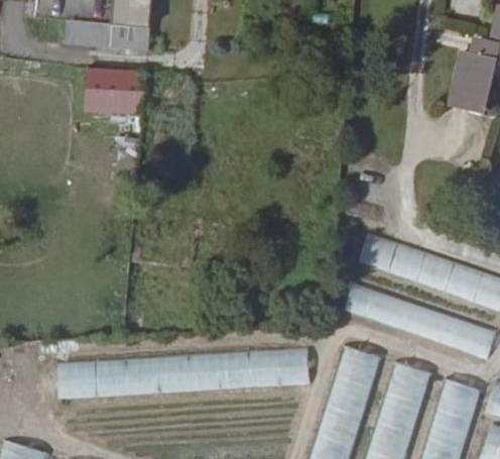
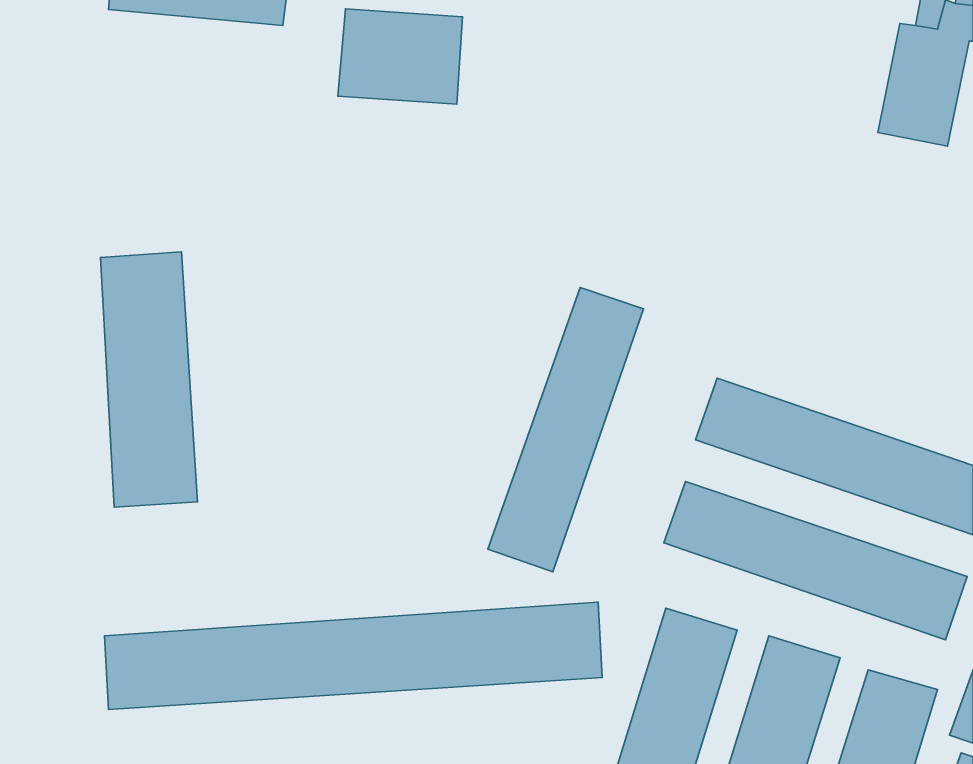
building: [83,66,146,114] -> [338,9,463,104]
building: none -> [100,252,198,507]
building: none -> [488,288,644,572]

